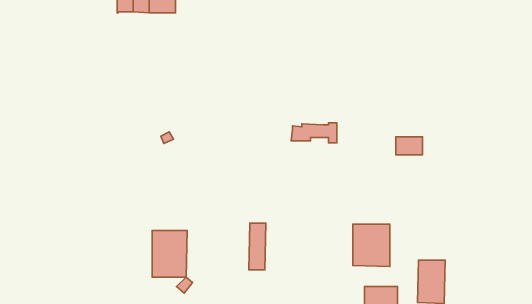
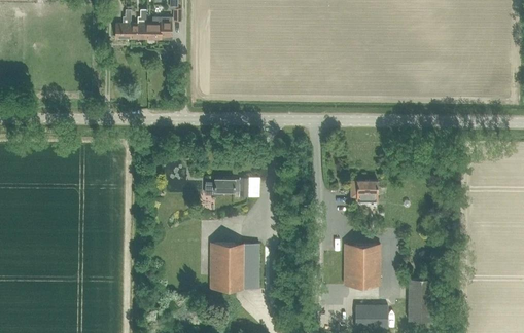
building: [291,123,337,143] -> [204,178,248,197]
building: [396,137,422,155] -> [351,181,377,198]
building: [152,230,187,277] -> [210,244,244,289]

